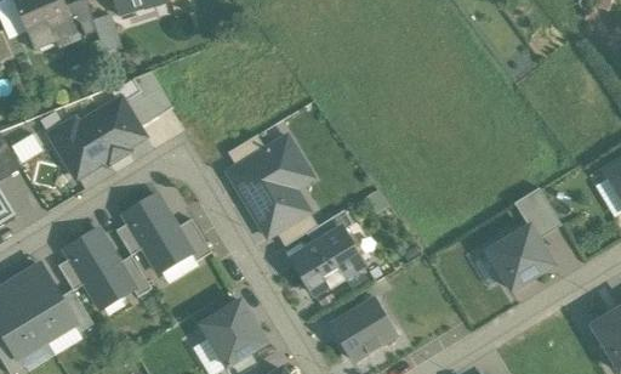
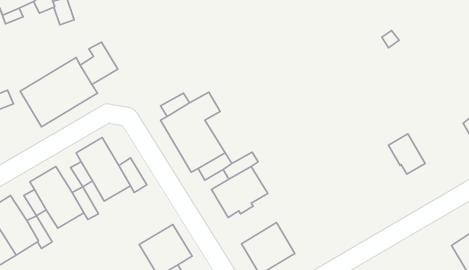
building: [489,226,553,289] -> none

